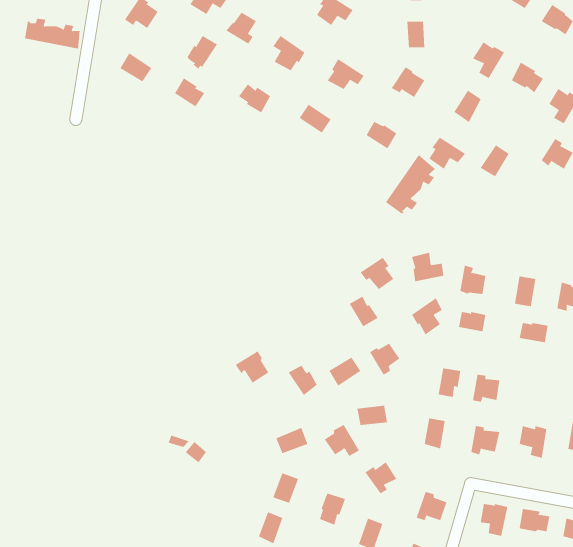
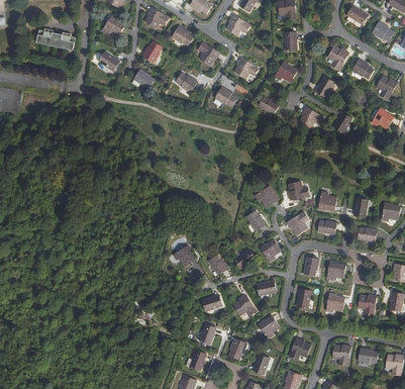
building: [385,154,436,215] -> none

